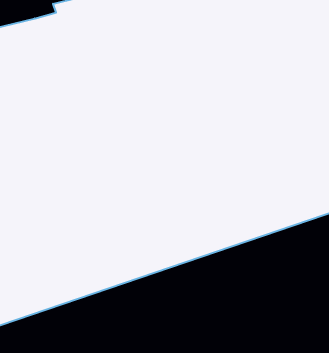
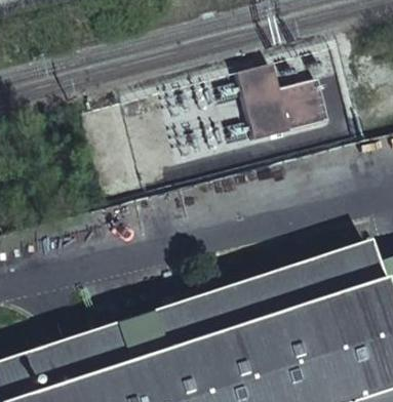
building: none -> [240,67,331,142]

